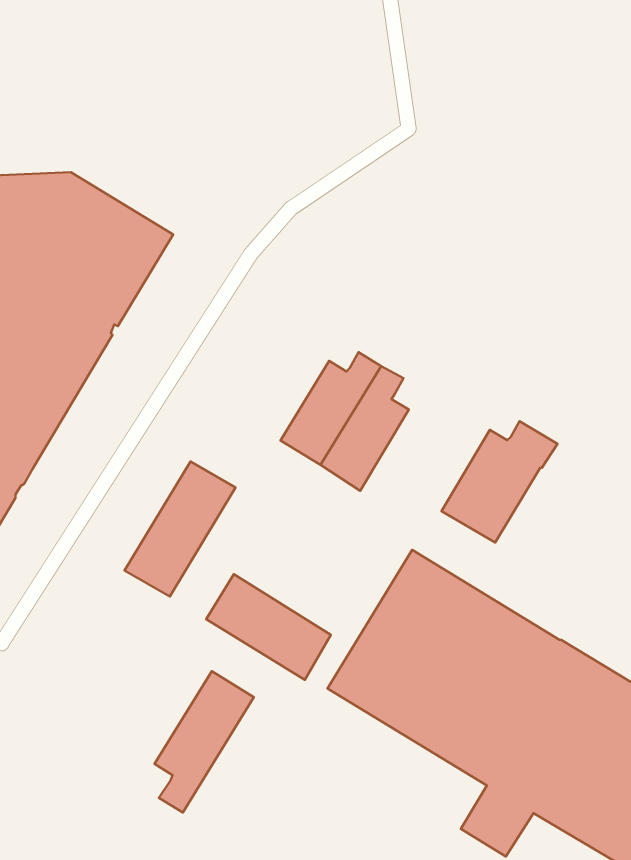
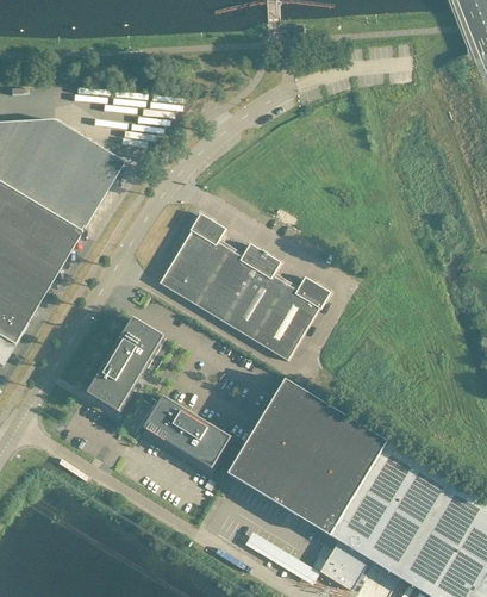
building: none -> [157,213,227,304]
building: [441,421,558,542] -> [249,276,329,360]
building: [154,671,254,813] -> none

